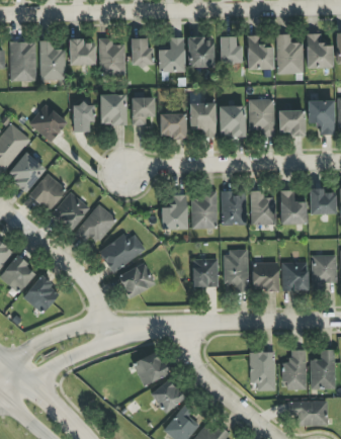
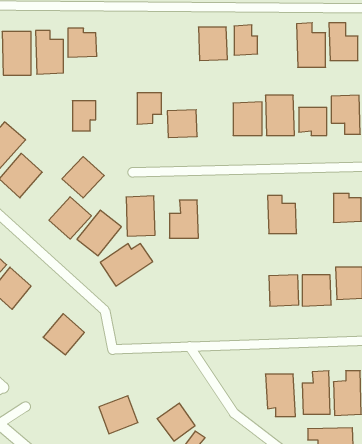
building: [247,34,273,70] -> none
building: [158,36,184,72] -> none
building: [131,37,152,66] -> none
building: [98,38,124,75] -> none
building: [99,94,126,124] -> none
building: [188,102,216,138] -> none
building: [28,104,67,142] -> none
building: [28,173,67,210] -> [62,157,104,198]
building: [221,190,246,225] -> none
building: [279,190,306,225] -> none
building: [190,192,217,229] -> [126,196,155,236]
building: [223,251,248,291] -> none
building: [192,258,218,287] -> none
building: [117,262,155,297] -> none
building: [22,275,60,313] -> [43,314,84,355]
building: [133,351,168,385] -> [99,396,138,434]

